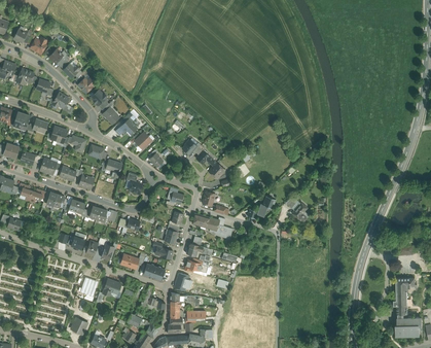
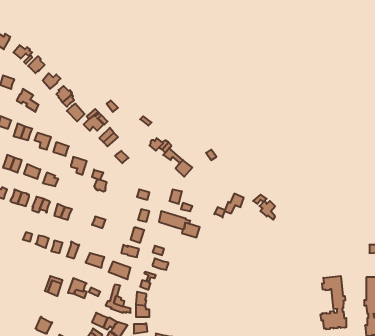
building: none -> [321,276,346,329]

